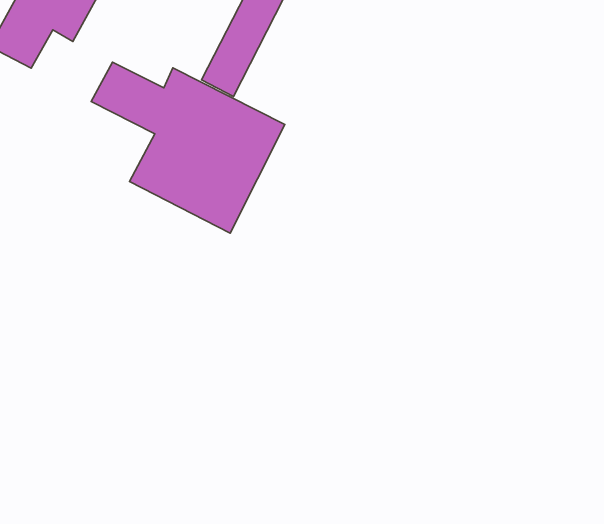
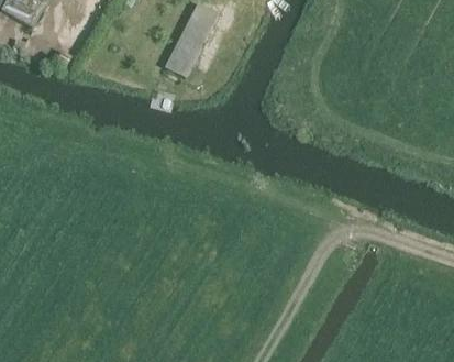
building: [91,62,285,233] -> none

